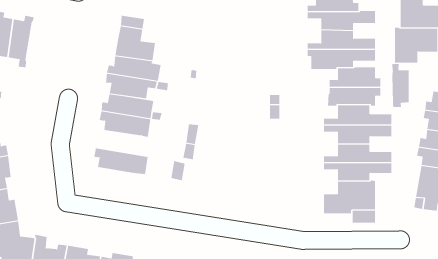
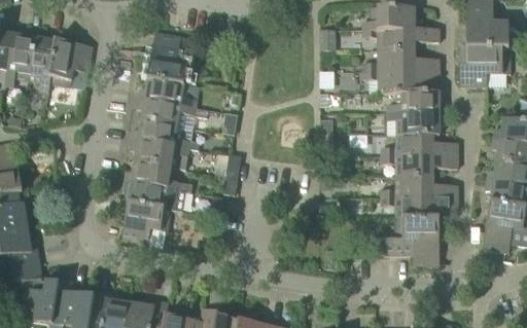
building: none -> [48,39,92,85]
building: [392,63,409,108] -> none
building: none -> [126,160,192,191]
building: none -> [122,202,170,243]

